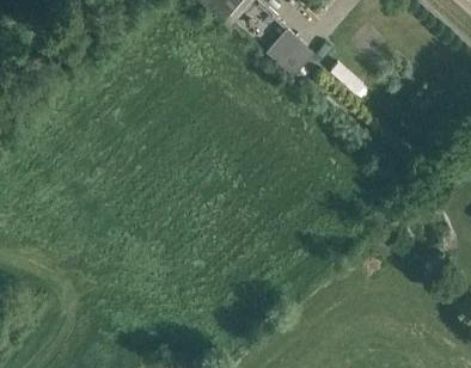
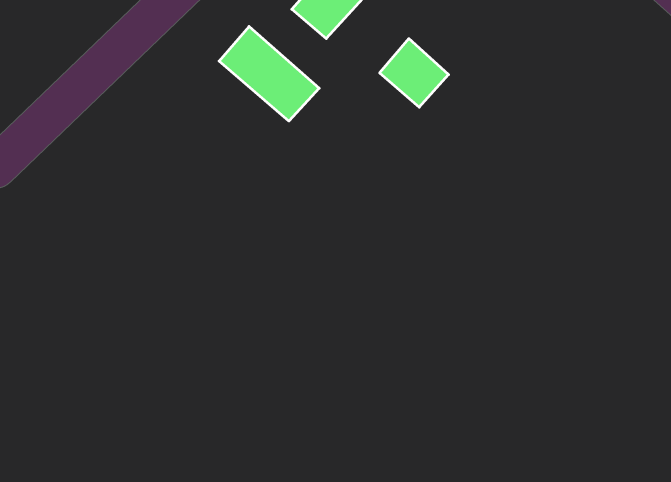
building: none -> [219,26,319,121]

